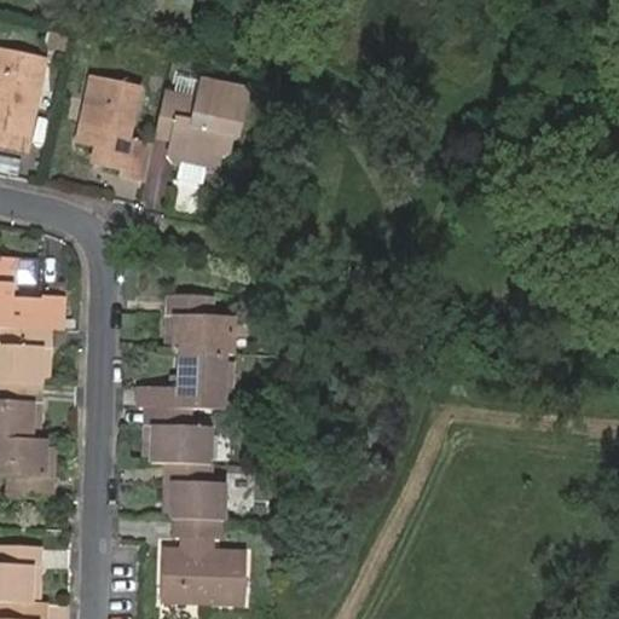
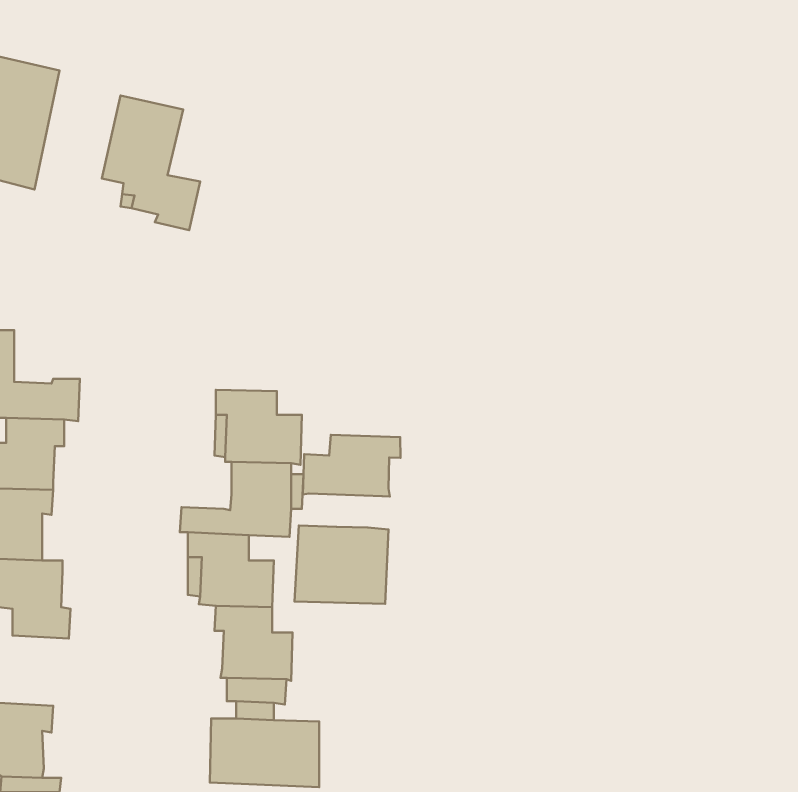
building: [157,76,248,179] -> none
building: none -> [303,435,401,496]
building: none -> [294,525,388,604]

